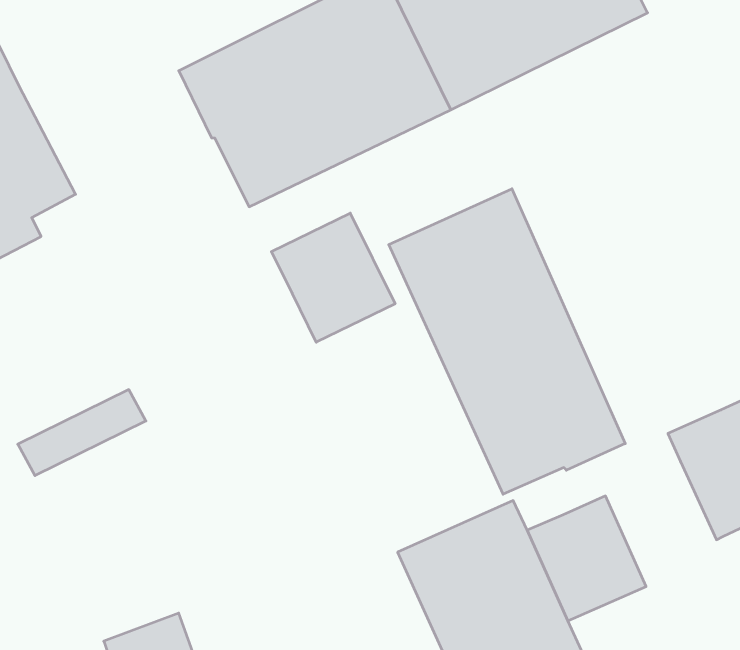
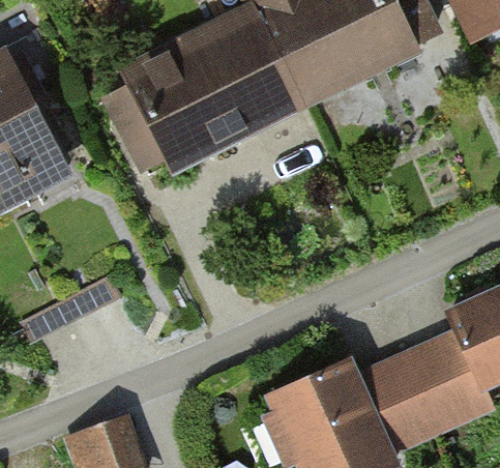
building: [389,189,625,494] -> none
building: [271,213,395,342] -> none
building: none -> [409,335,491,418]

